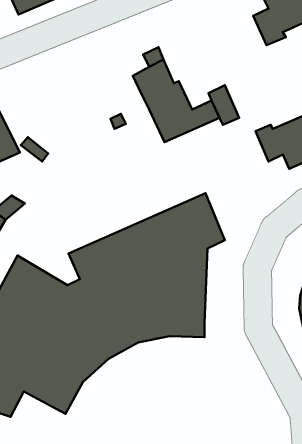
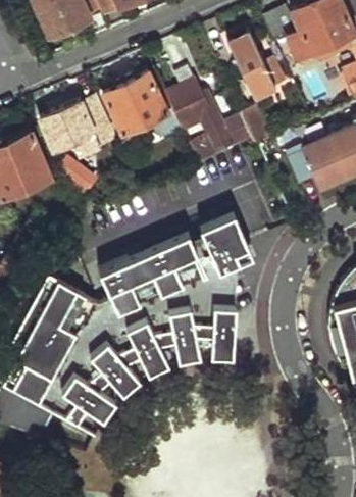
building: none -> [226,33,284,99]
building: none -> [102,73,181,138]
building: none -> [39,95,106,153]

